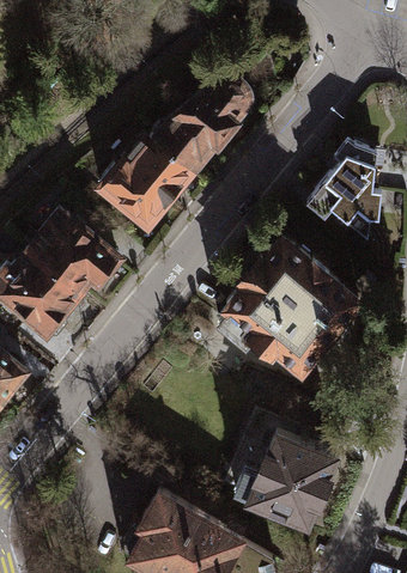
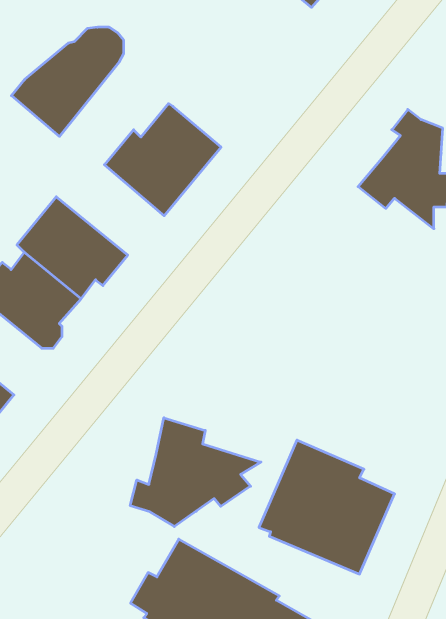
building: [153,83,245,172] -> [11,27,124,136]
building: [217,240,357,371] -> none
building: none -> [130,418,261,527]

